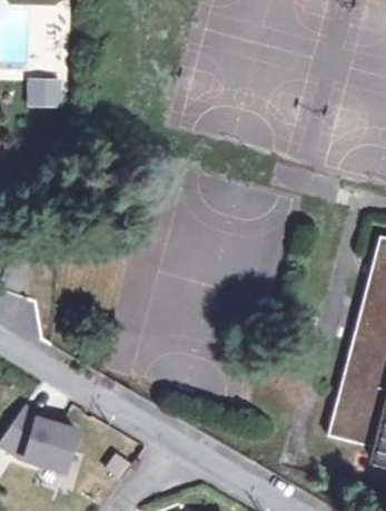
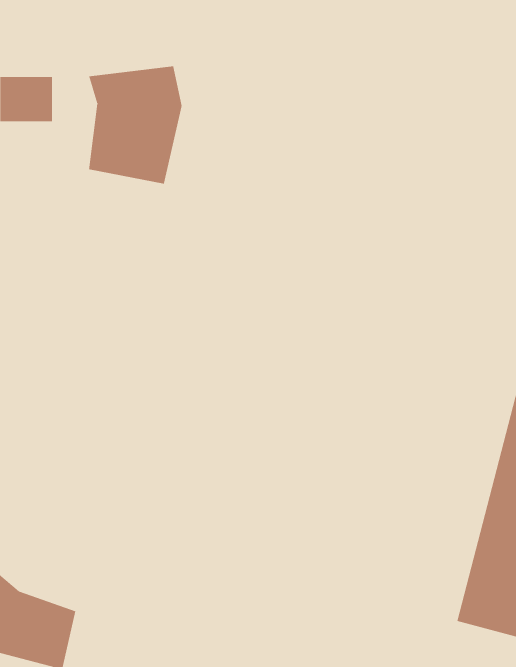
building: none -> [89,66,182,184]

